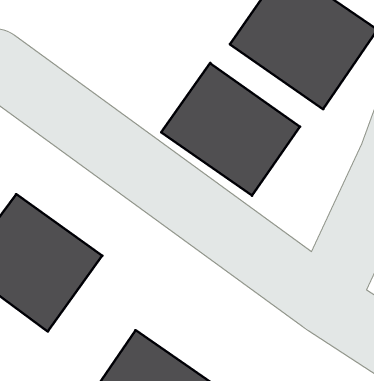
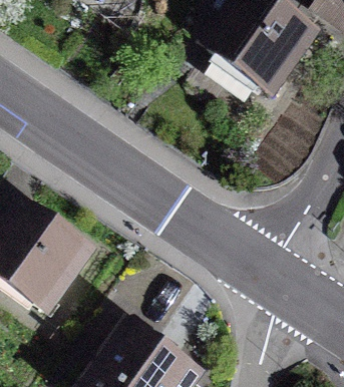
building: [161,63,300,196] -> none

